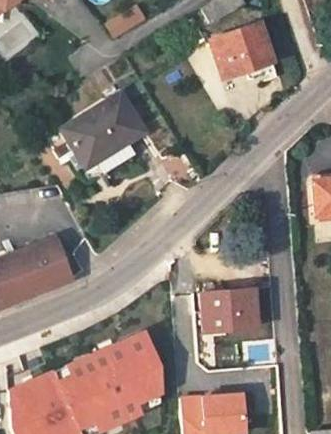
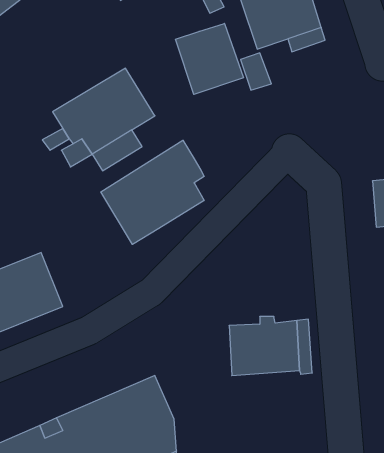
building: none -> [175,23,244,94]
building: none -> [101,140,204,244]

